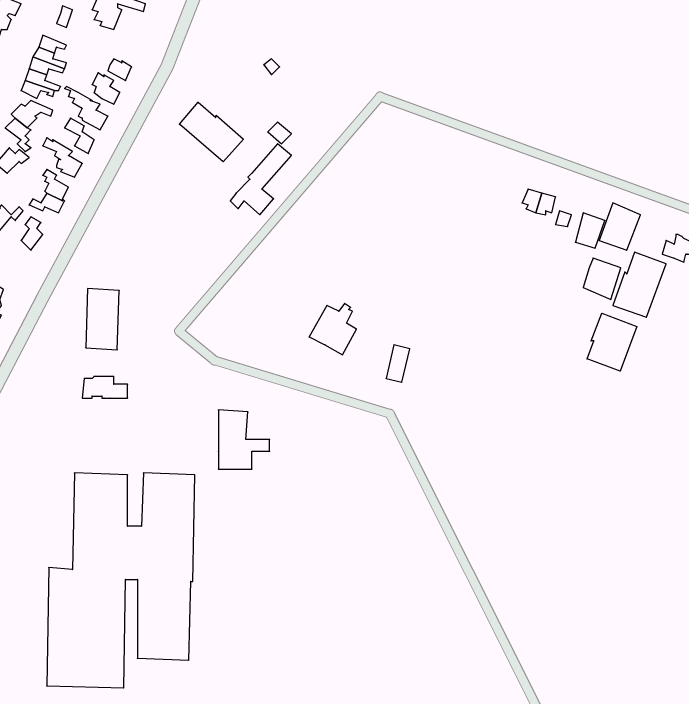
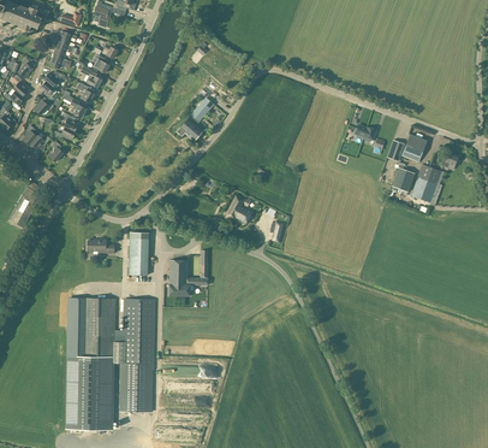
building: [179,102,243,162] -> none
building: [86,289,119,350] -> [129,237,149,275]
building: [587,313,637,371] -> none

